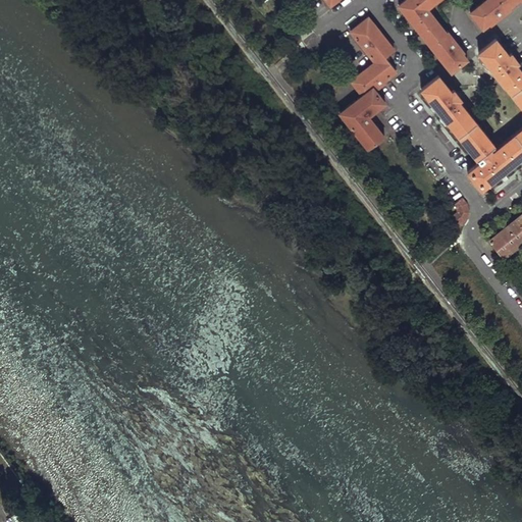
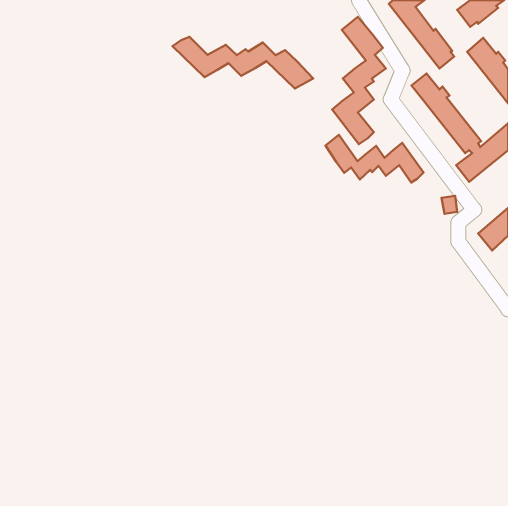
building: none -> [172,37,313,89]
building: none -> [325,135,424,183]

